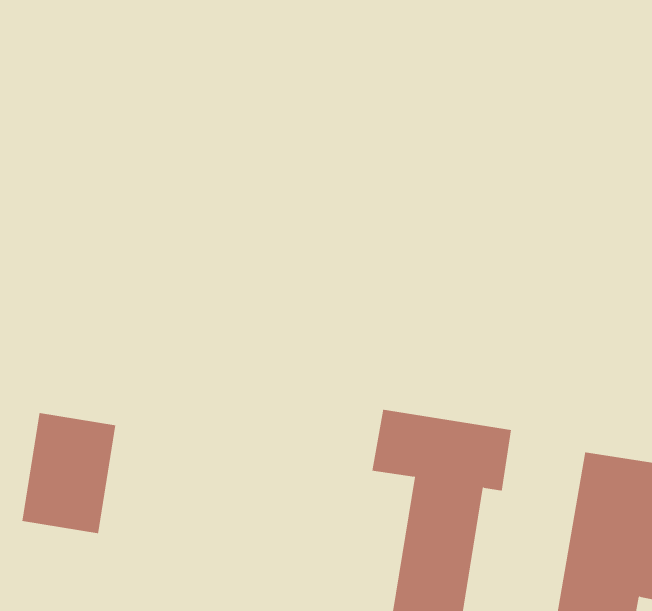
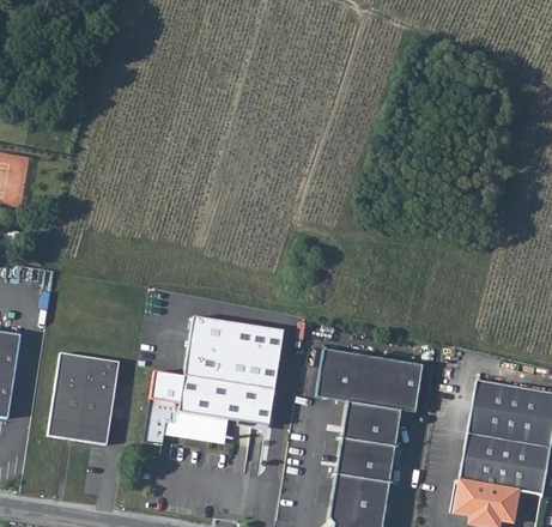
building: none -> [145,316,283,446]

